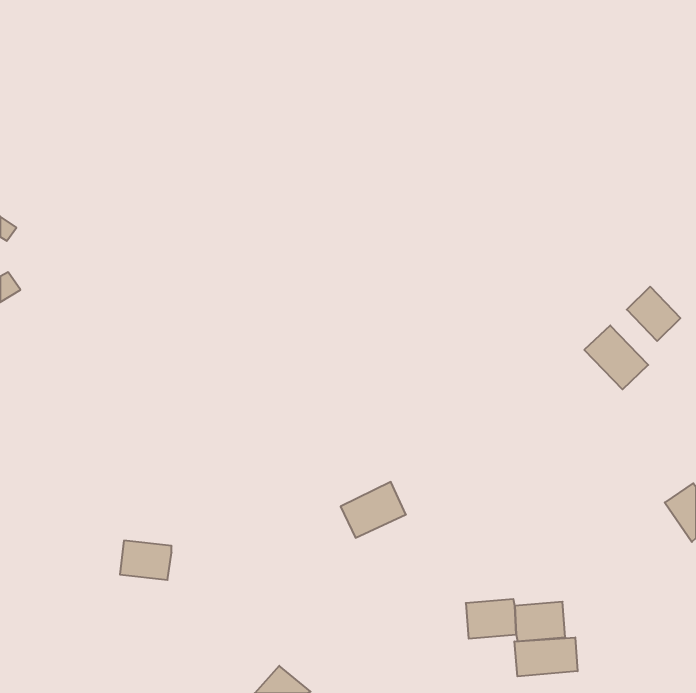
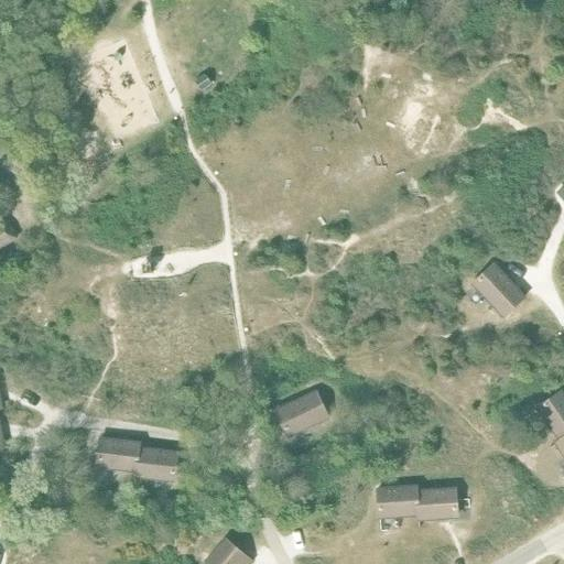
building: [627,287,680,341] -> none
building: none -> [135,447,177,479]
building: [514,637,578,676] -> none

